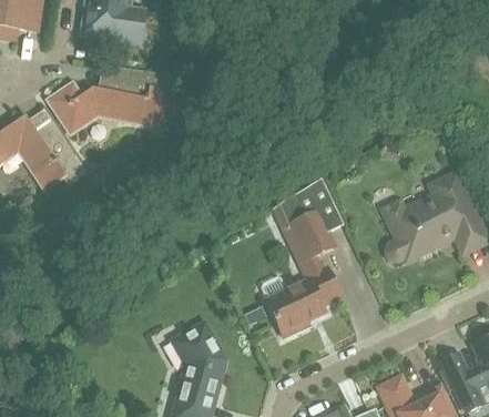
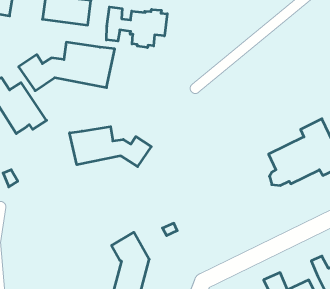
building: none -> [106,7,167,48]
building: [261,179,343,335] -> none
building: none -> [70,127,151,167]

